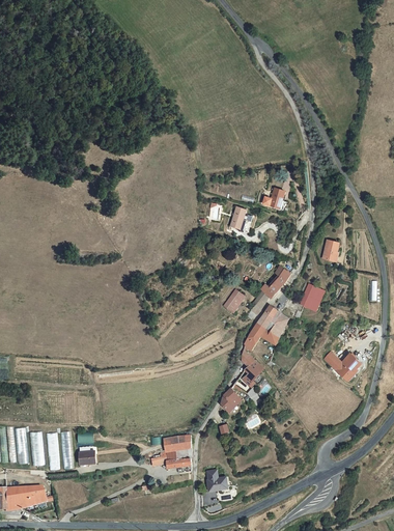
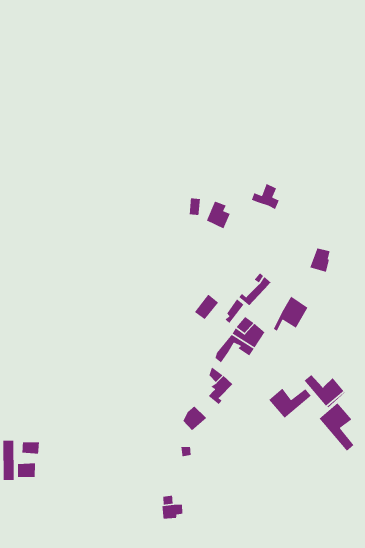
building: none -> [268,388,312,419]
building: none -> [319,402,354,452]
building: [159,435,192,472] -> none

